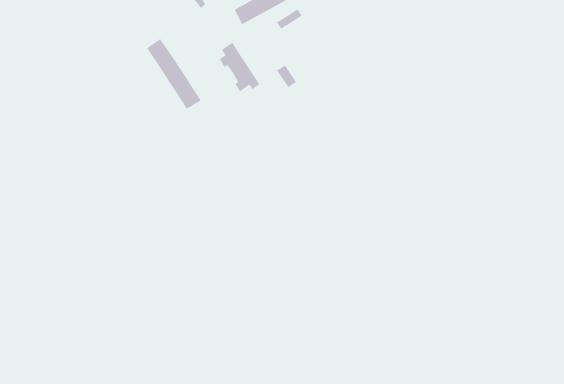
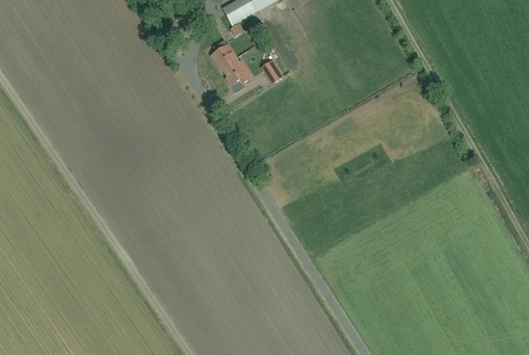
building: [147,38,202,110] -> none

